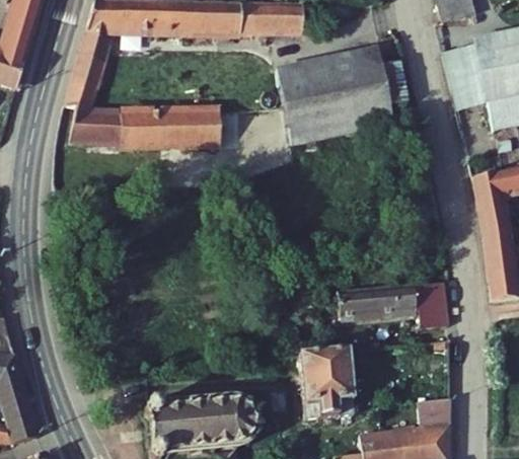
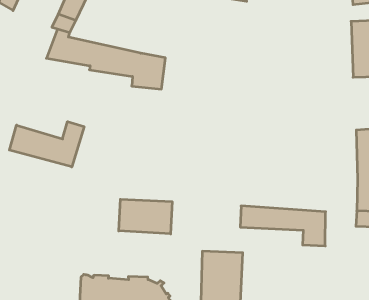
building: [283,46,414,144] -> none
building: none -> [9,122,84,167]
building: none -> [119,199,172,234]

